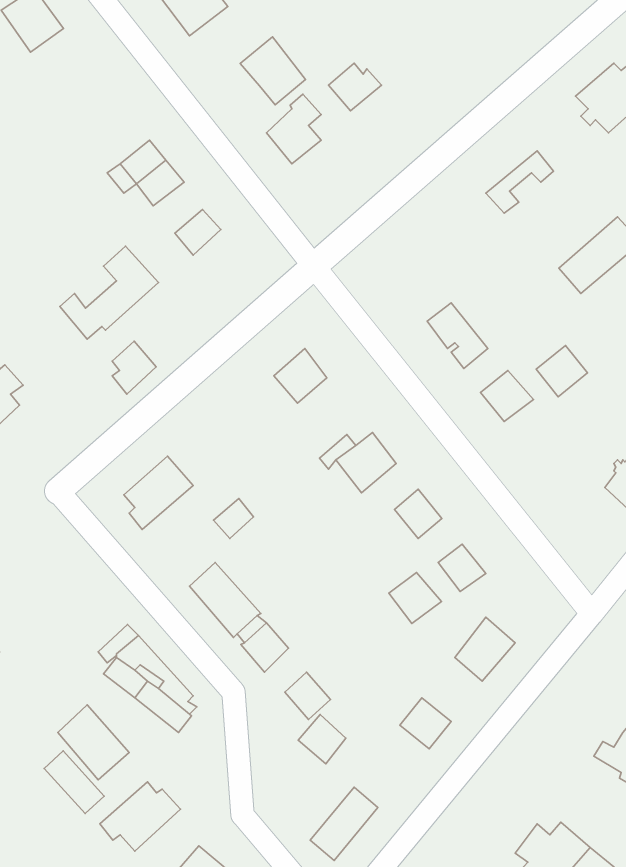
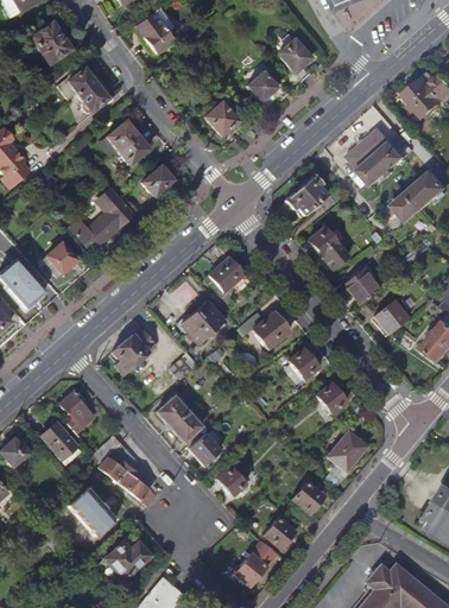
building: none -> [277,39,310,72]
building: [240,37,305,105] -> none
building: none -> [59,66,110,112]
building: none -> [359,141,405,185]
building: none -> [283,173,327,215]
building: [112,341,156,394] -> [50,242,78,277]
building: [536,345,587,397] -> [375,300,409,334]
building: none -> [179,302,223,343]
building: none -> [58,390,95,433]
building: [389,572,441,623] -> none
building: none -> [42,423,77,460]
building: [298,714,346,764] -> [263,519,293,551]
building: [44,751,104,814] -> none

